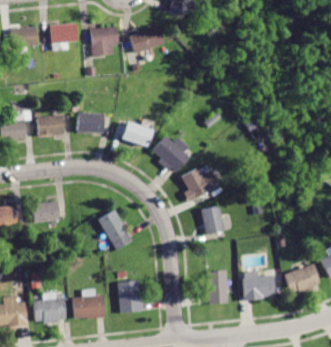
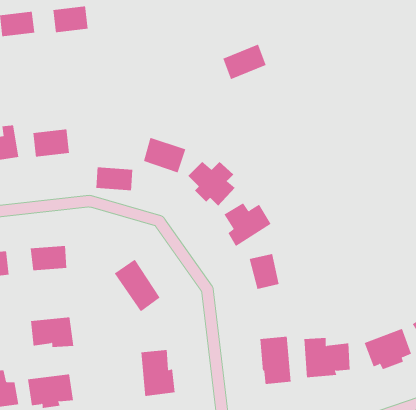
building: [89,24,117,56] -> none
building: [128,26,161,53] -> [222,44,266,80]
building: [76,113,104,131] -> [96,167,133,191]
building: [73,295,106,318] -> [30,317,74,347]

